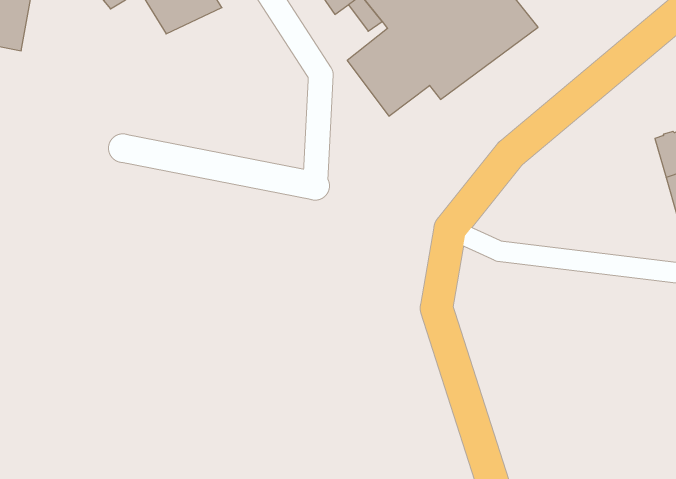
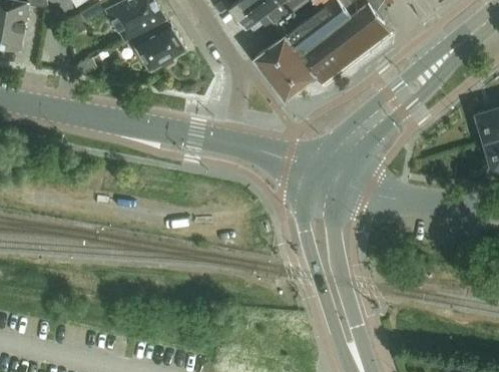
building: none -> [118,20,185,70]

